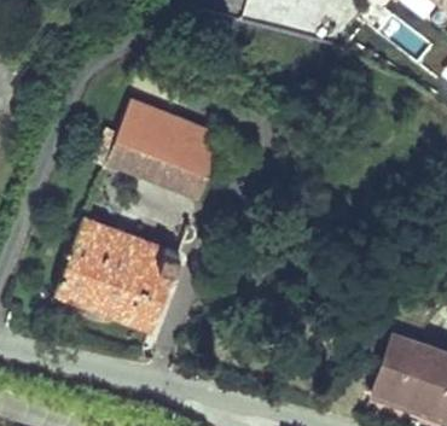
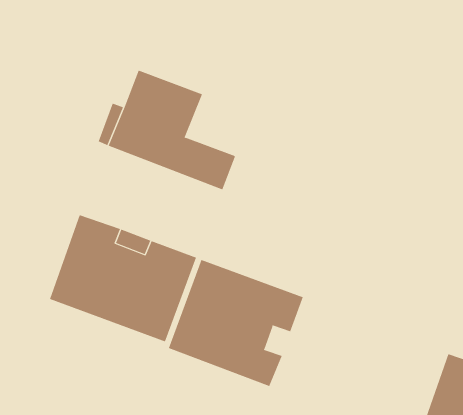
building: [170,118,227,171] -> none
building: none -> [168,259,303,387]

